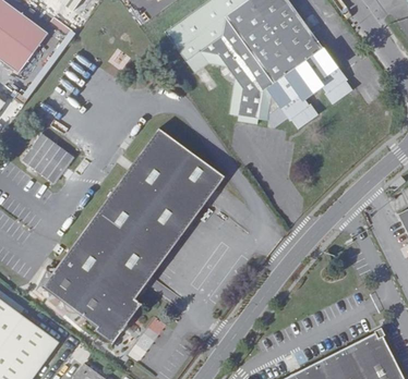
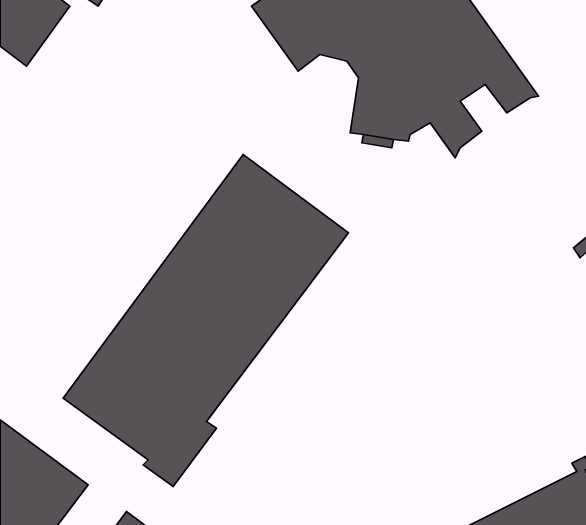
building: [21,131,74,183] -> none

